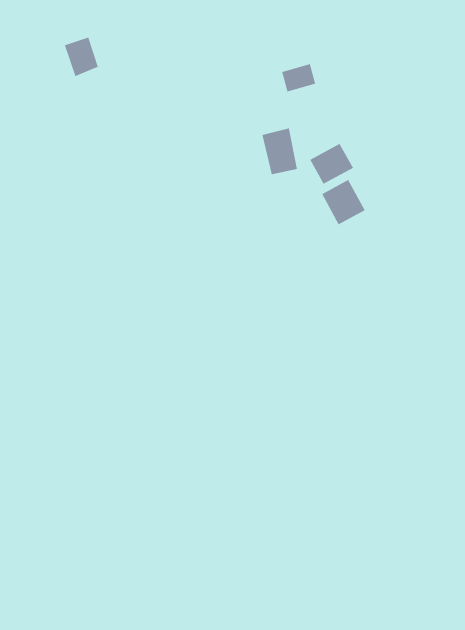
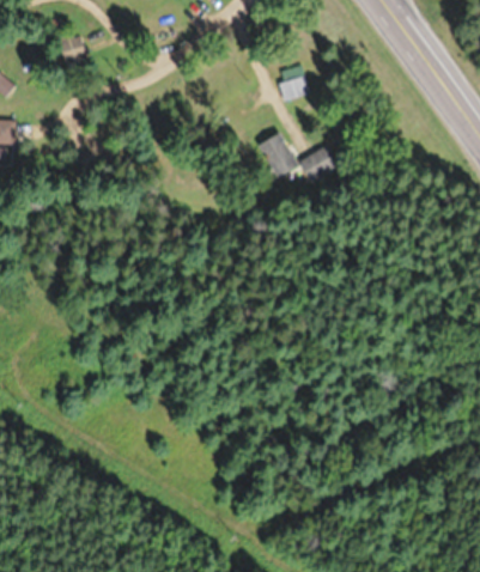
building: [64,37,99,77] -> [56,30,86,65]
building: [321,179,366,225] -> none

